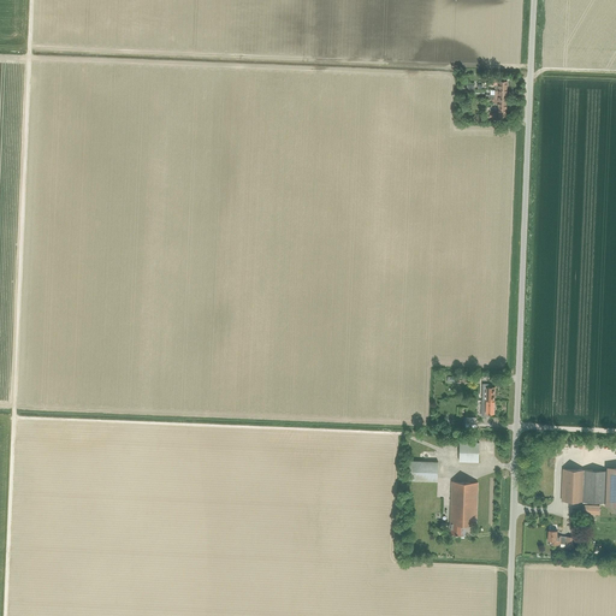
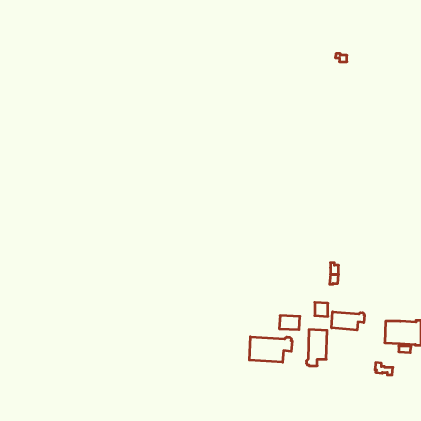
building: none -> [332,312,365,330]
building: none -> [249,337,292,362]

